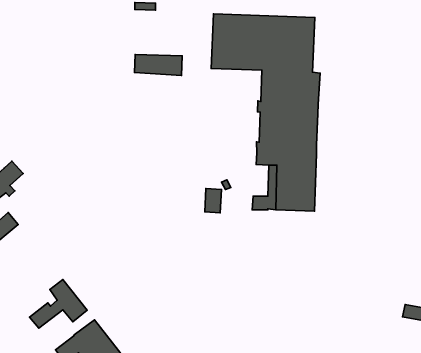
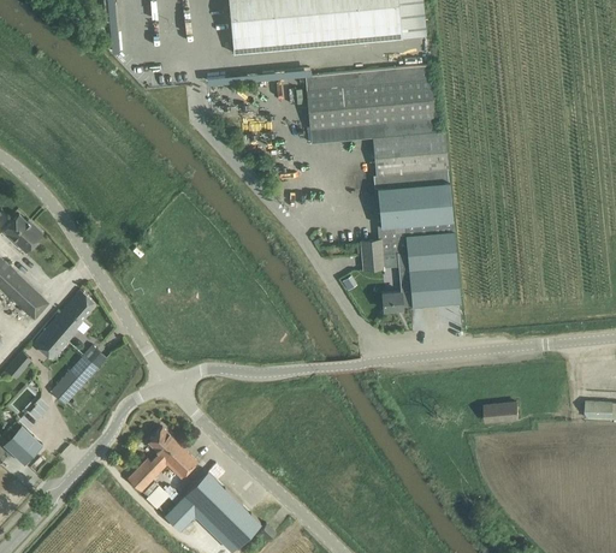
building: [134,54,182,75] -> none
building: [205,189,221,213] -> [361,239,383,269]
building: none -> [485,402,519,421]

